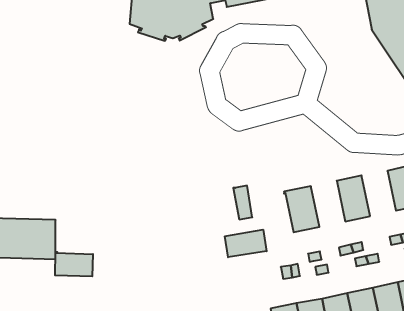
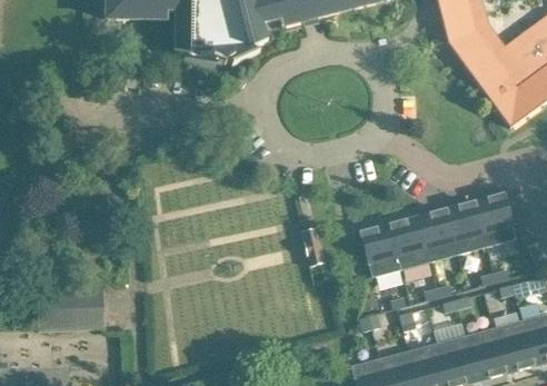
building: none -> [446,201,487,254]
building: none -> [389,216,430,269]
building: [225,230,267,257] -> none
building: [55,252,93,276] -> none

